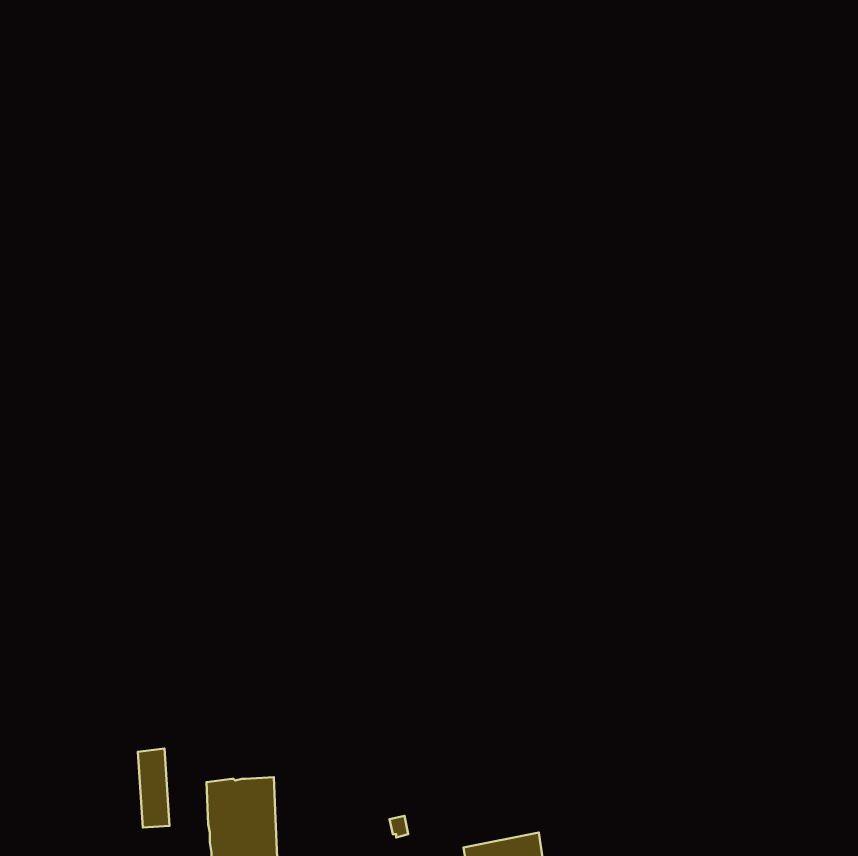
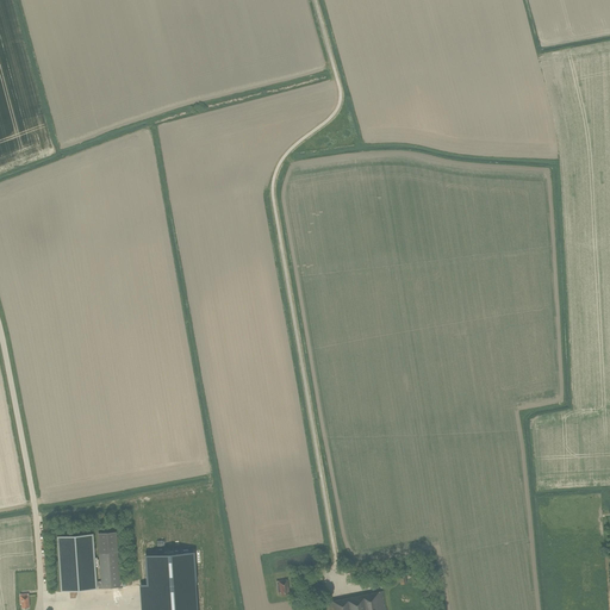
building: none -> [57,535,98,592]

